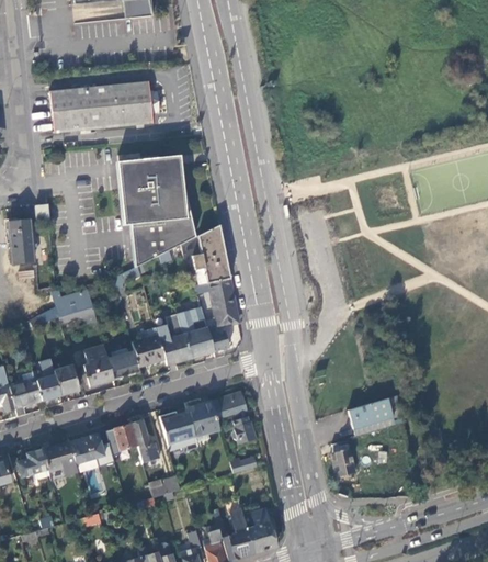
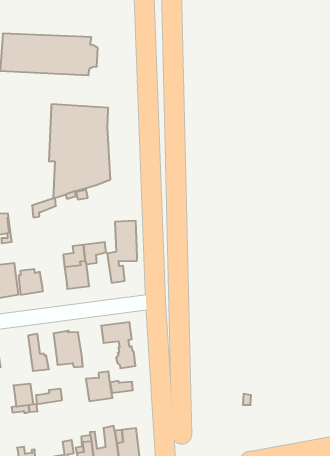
building: [179,225,228,283] -> none
building: [182,326,213,358] -> none
building: [130,327,163,367] -> none
building: [348,396,400,436] -> none
building: [184,400,217,436] -> [86,371,113,401]
building: [111,424,136,451] -> [13,384,33,407]
building: [332,445,355,476] -> none

